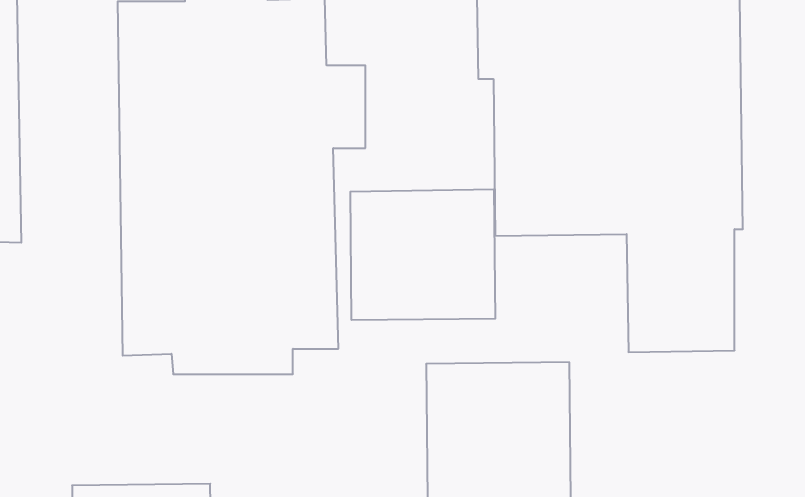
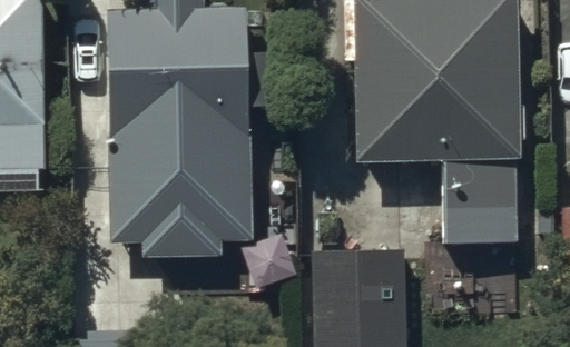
building: [350,189,495,320] -> none

